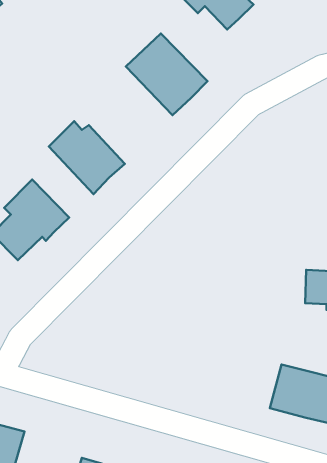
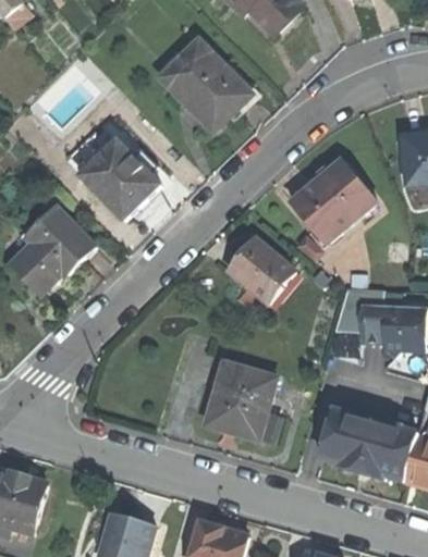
building: none -> [286,159,372,244]
building: none -> [233,243,295,307]
building: none -> [206,360,280,441]

